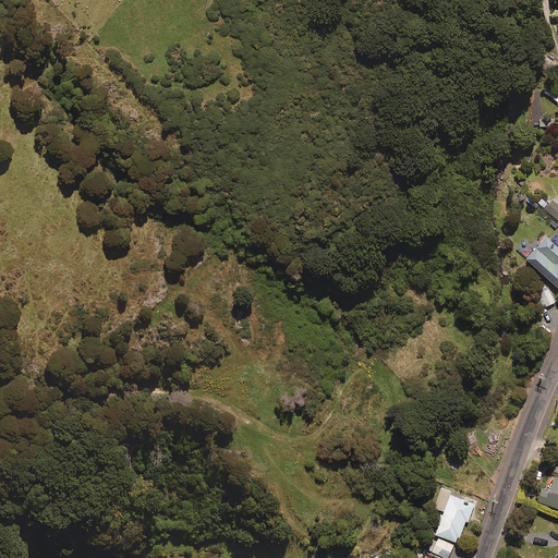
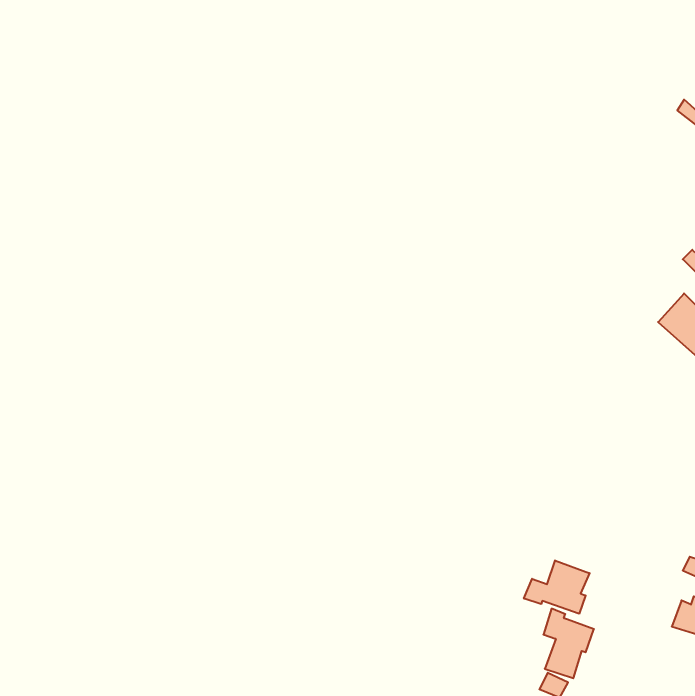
building: none -> [524,560,590,614]

